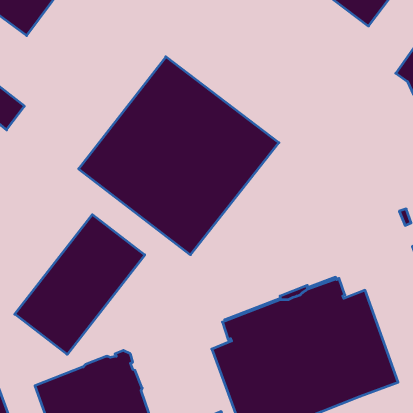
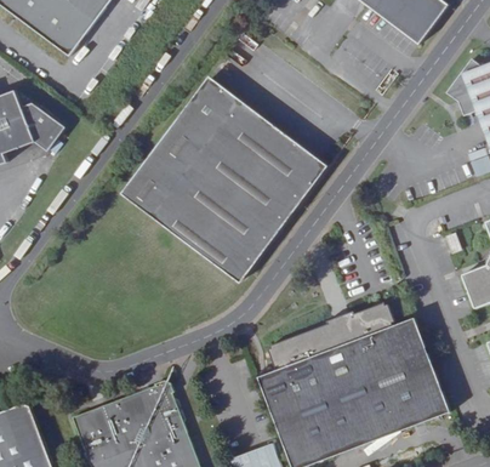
building: [15,215,145,354] -> none

